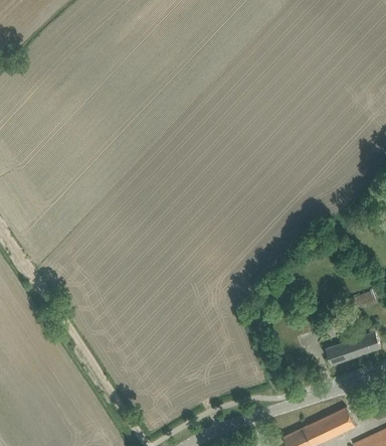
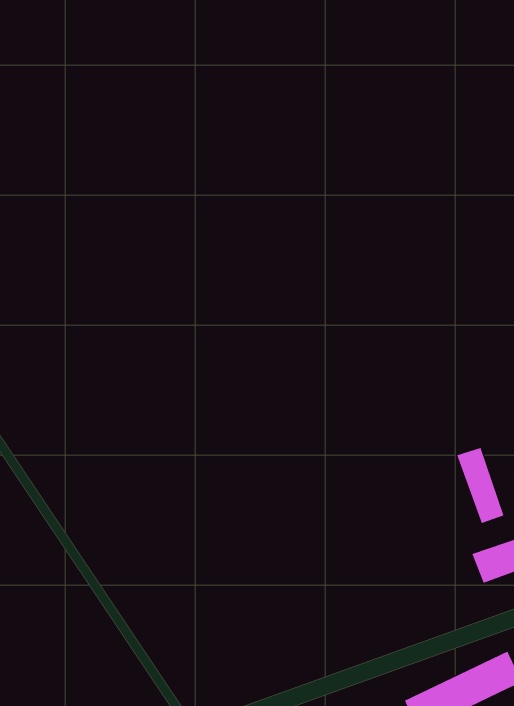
building: none -> [456,447,504,524]

